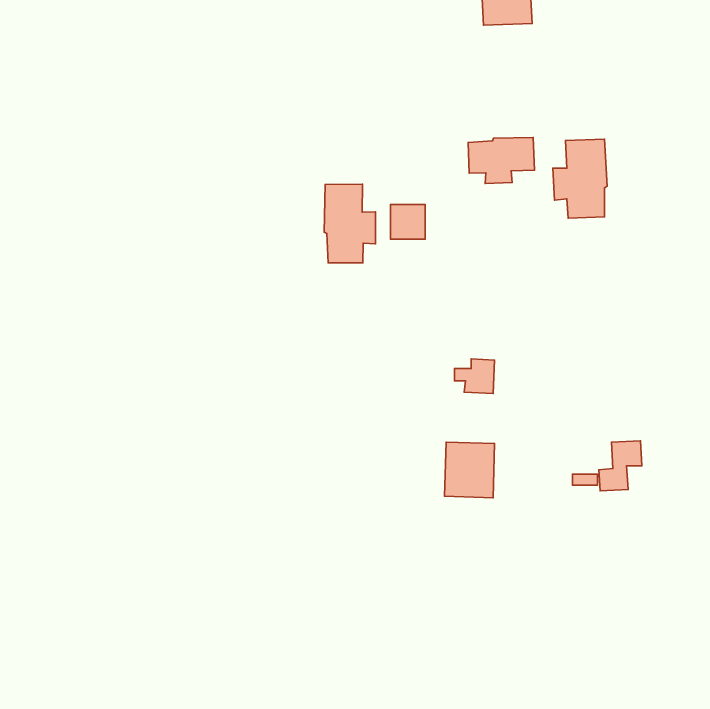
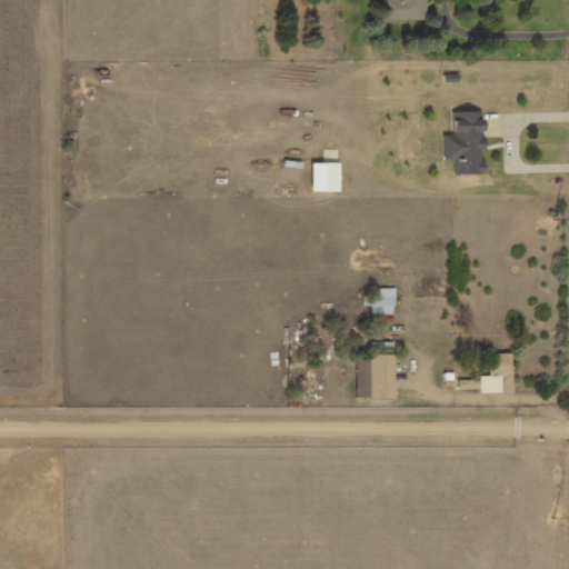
building: [468,138,535,184] -> none
building: [324,184,376,263] -> none

